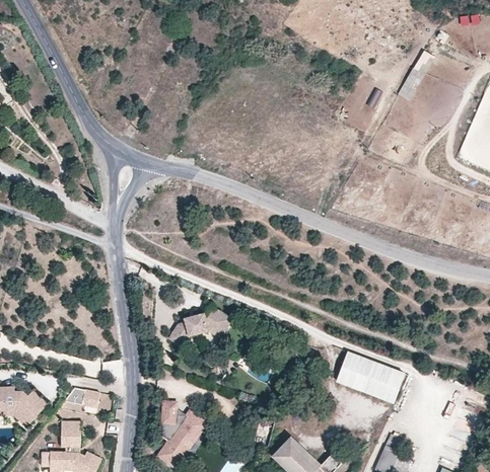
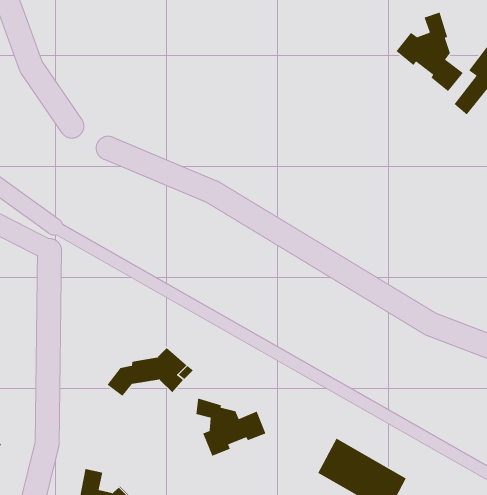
building: none -> [395,12,464,92]
building: none -> [195,398,267,457]

